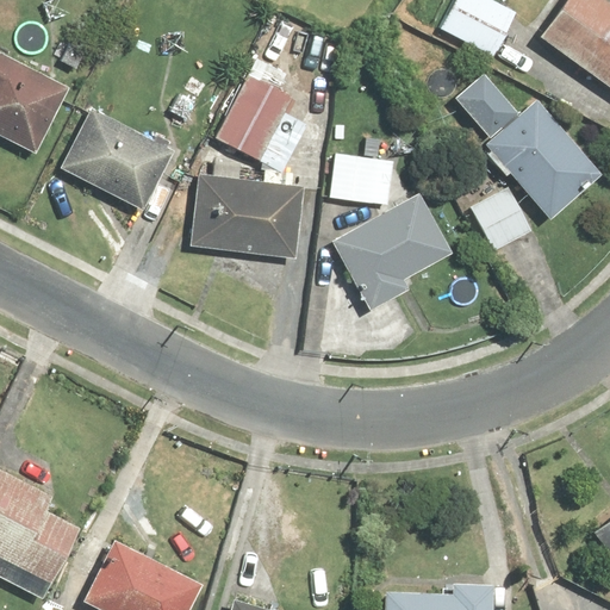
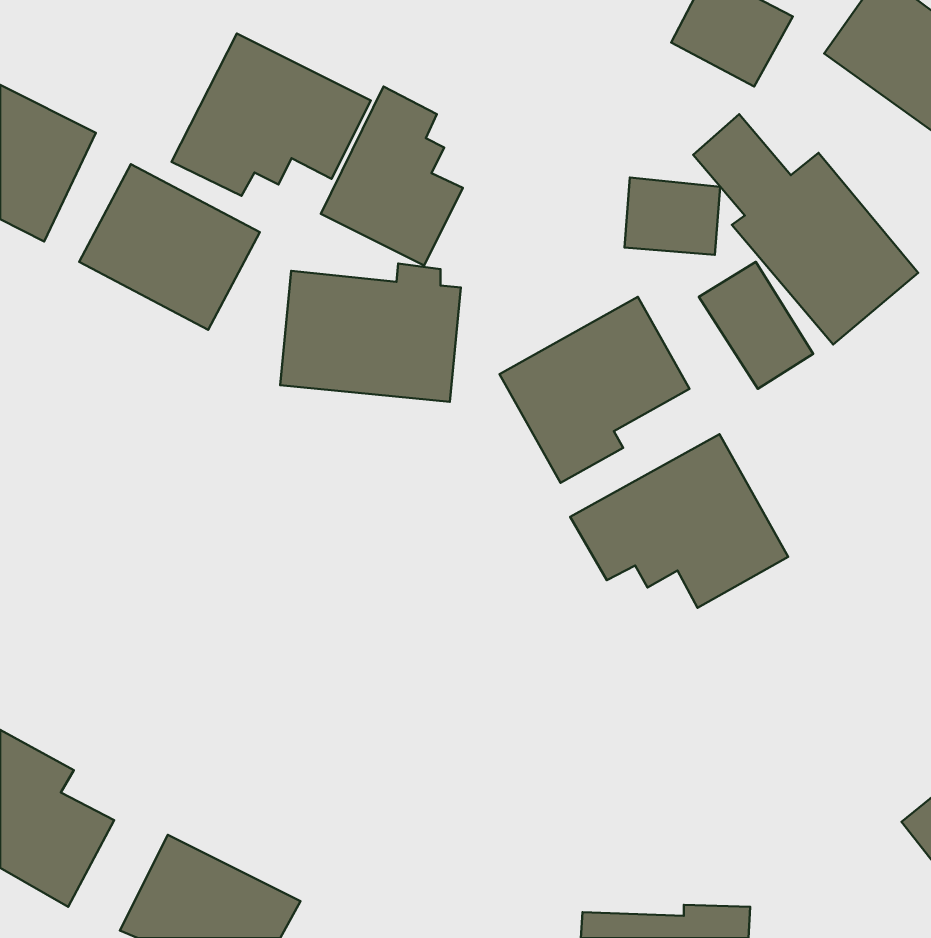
building: none -> [171,34,371,196]
building: [331,154,393,204] -> [624,178,720,255]
building: none -> [570,434,788,608]

